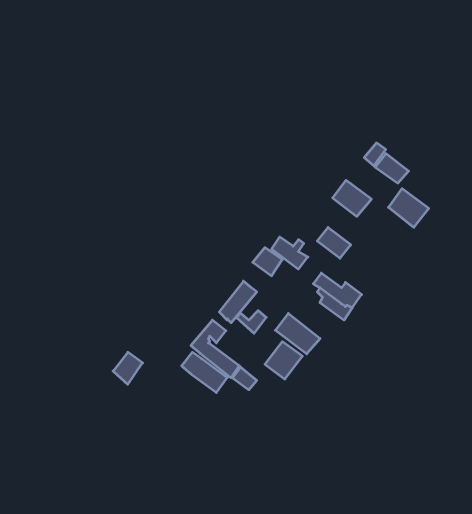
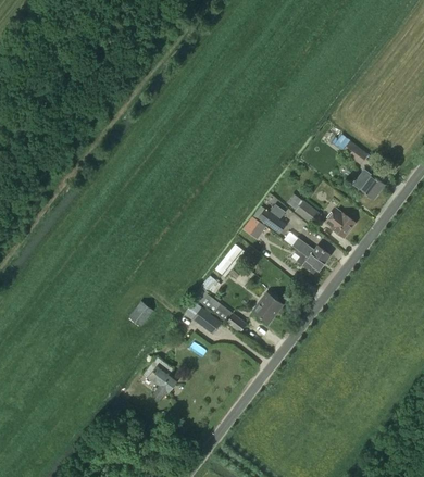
building: [333,180,371,216] -> [324,208,356,237]
building: [275,313,320,354] -> none
building: none -> [144,356,178,399]

